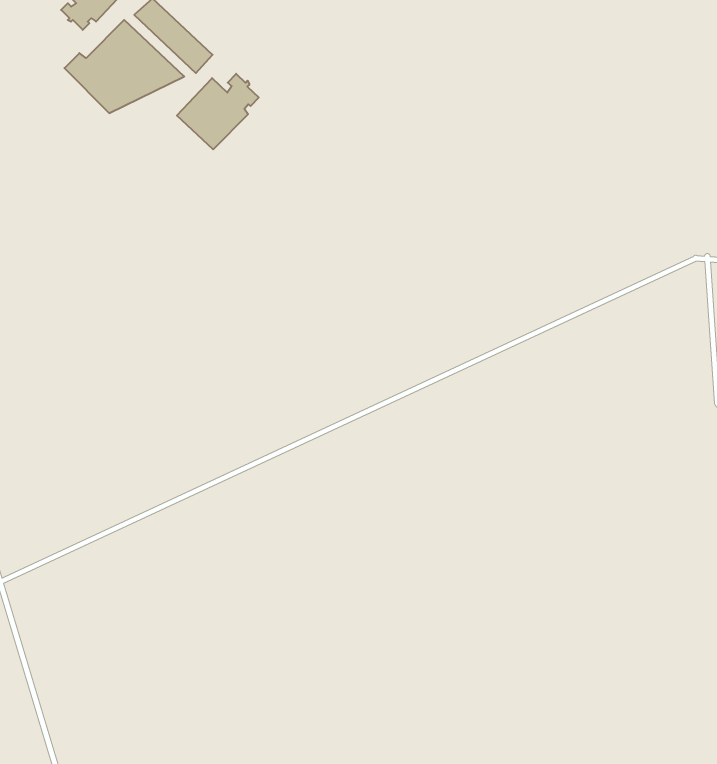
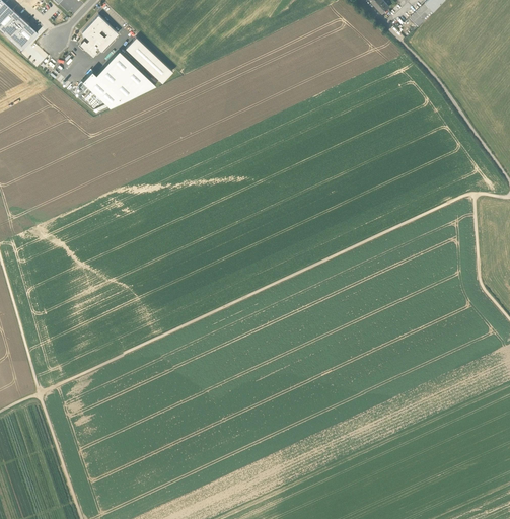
building: [177,74,259,149] -> none

